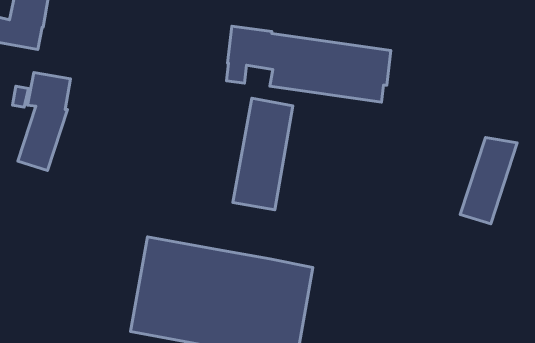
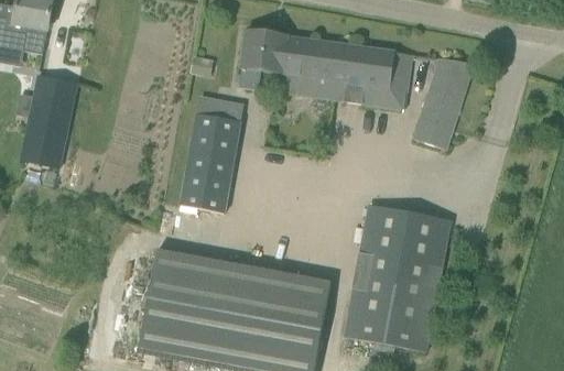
building: [233,98,293,210] -> [180,96,242,212]
building: [460,138,517,224] -> [413,57,473,148]
building: none -> [340,204,452,351]

